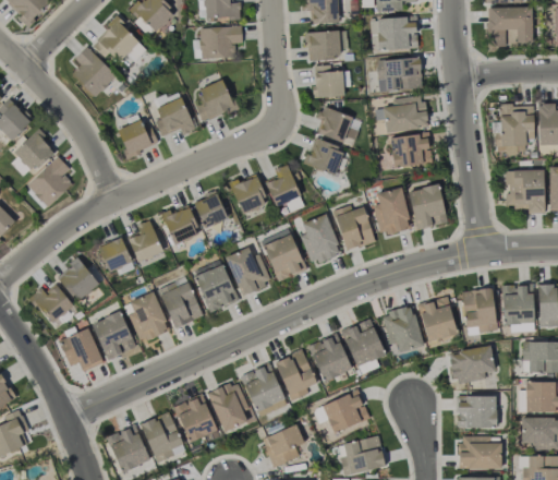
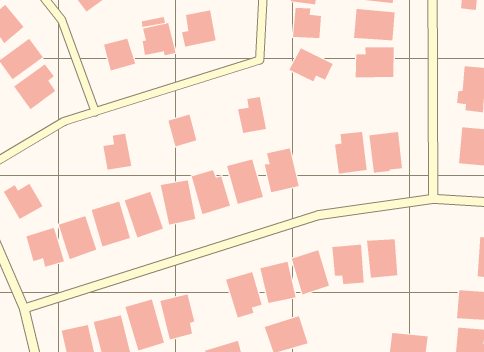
building: [390,132,430,167] -> none
building: [303,137,345,176] -> none
building: [229,173,268,214] -> none
building: [161,204,202,244] -> none
building: [333,204,375,251] -> none
building: [99,237,132,272] -> none
building: [58,259,99,301] -> none
building: [502,284,534,326] -> none
building: [462,288,497,334] -> none
building: [449,346,495,383] -> none
building: [242,363,284,411] -> none

